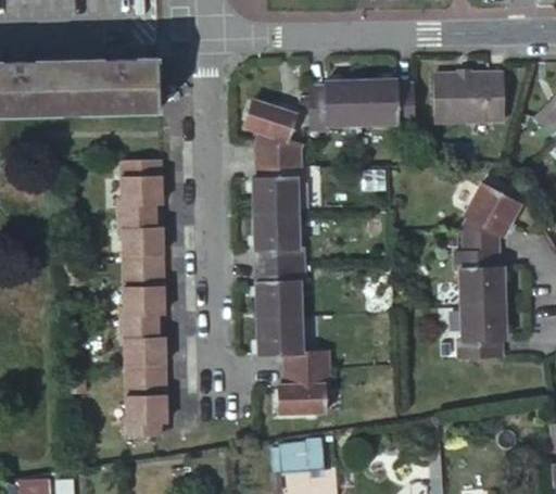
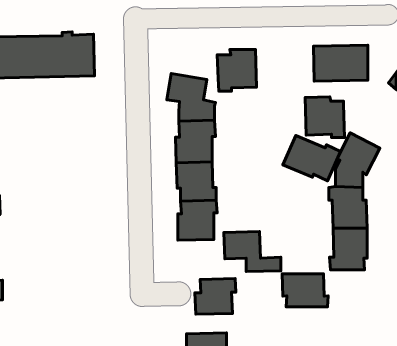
building: [359,76,409,128] -> [305,97,344,138]
building: [115,160,166,436] -> none
building: none -> [283,136,340,181]
building: [261,319,333,370] -> [224,232,281,272]
building: none -> [282,274,328,307]

